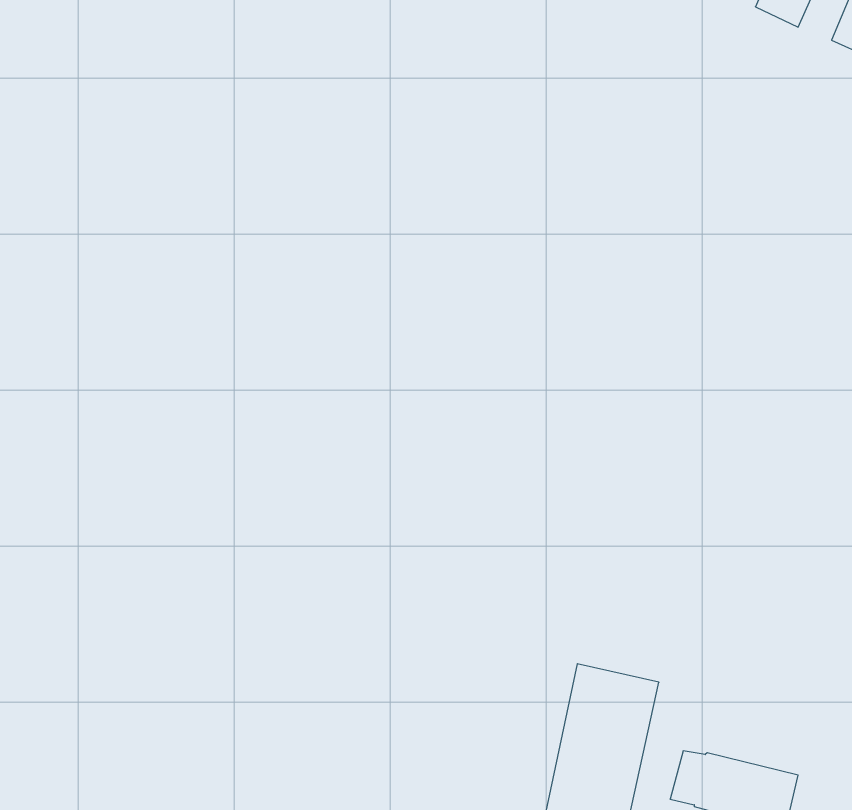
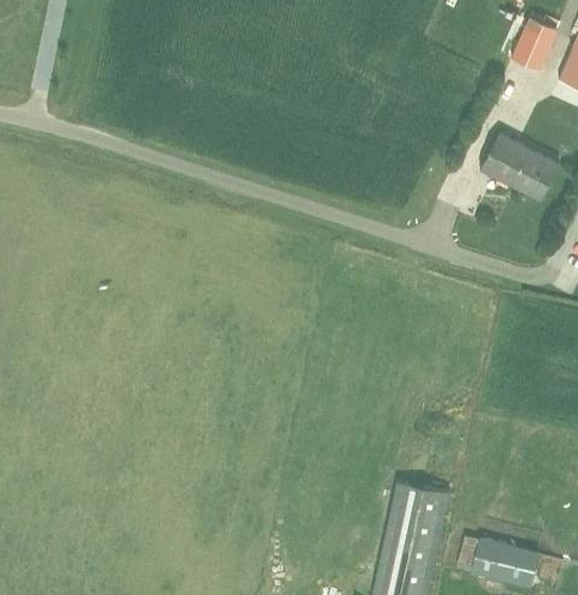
building: none -> [481,132,559,200]

